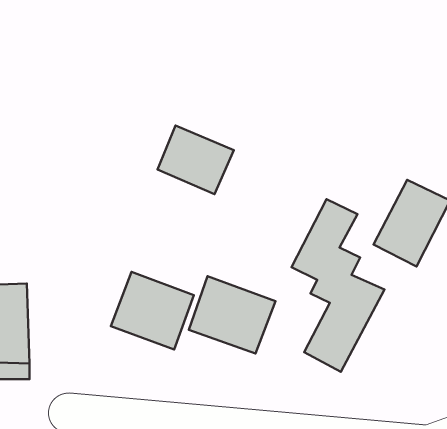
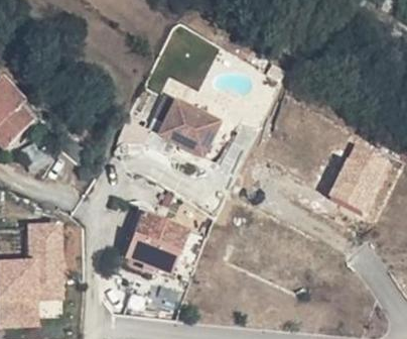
building: [291,199,384,372] -> none
building: [189,276,275,354] -> none

